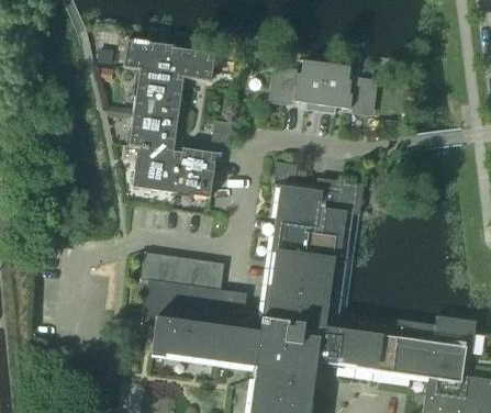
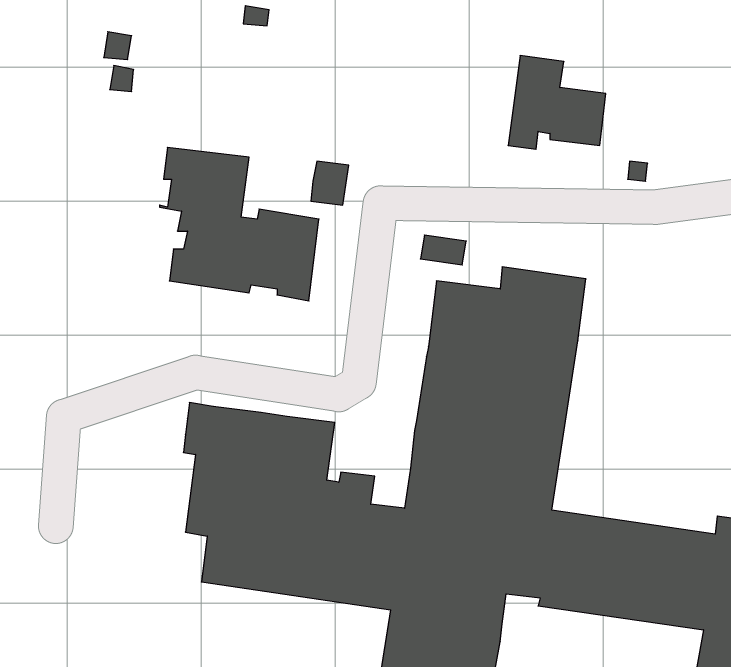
building: [124,38,214,119] -> none
building: [272,59,326,112] -> none

